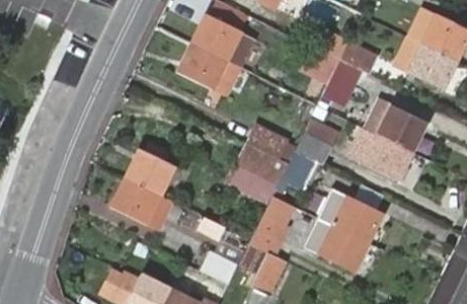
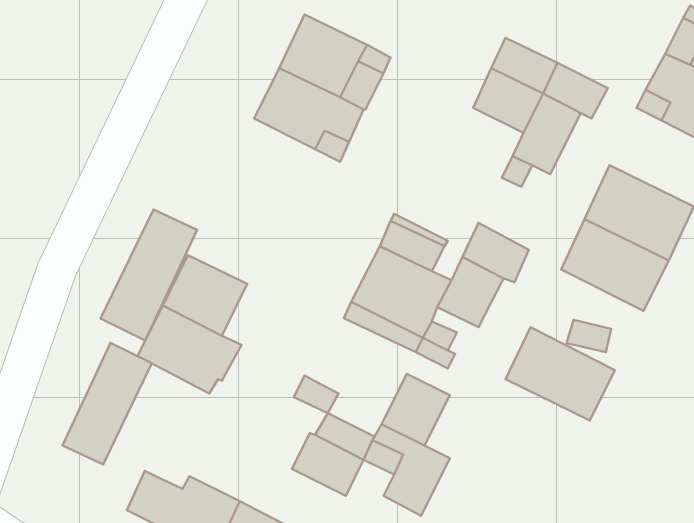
building: none -> [100,209,197,341]
building: none -> [63,343,152,464]
building: [306,219,368,272] -> none

